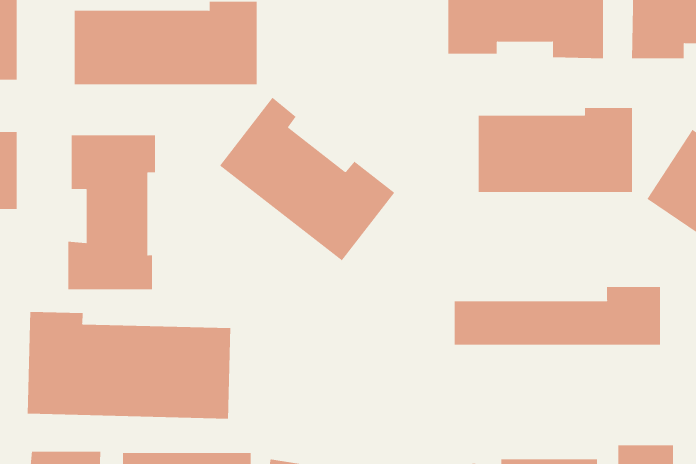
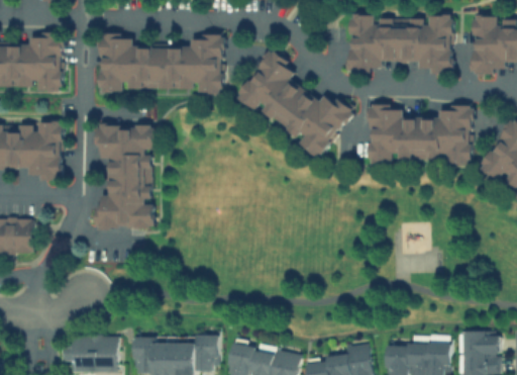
building: [219,97,395,261] -> [237,48,354,157]
building: [454,286,660,345] -> none
building: [27,311,231,419] -> none

